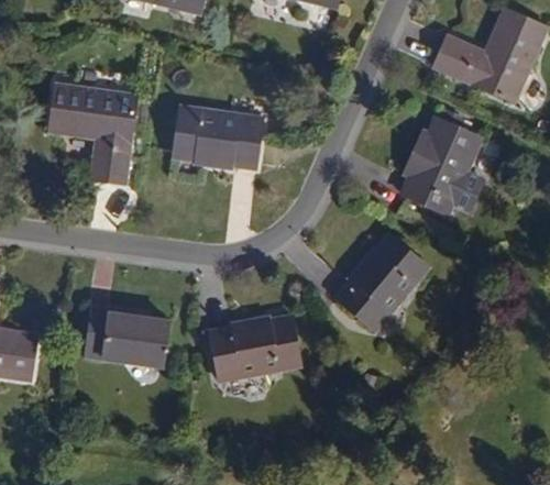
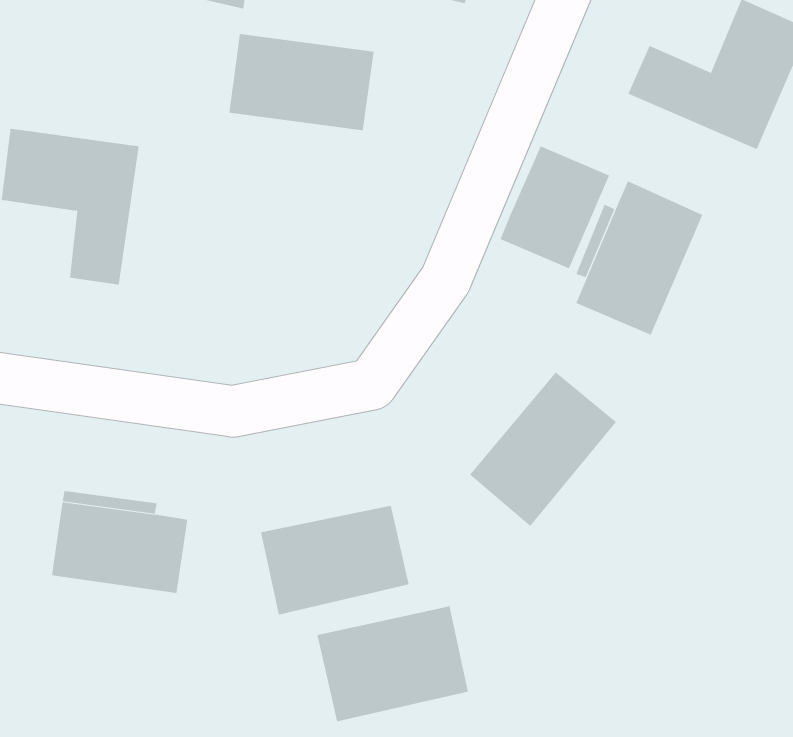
building: none -> [500,146,610,269]
building: [176,107,265,166] -> [228,34,374,131]
building: none -> [317,605,469,722]

